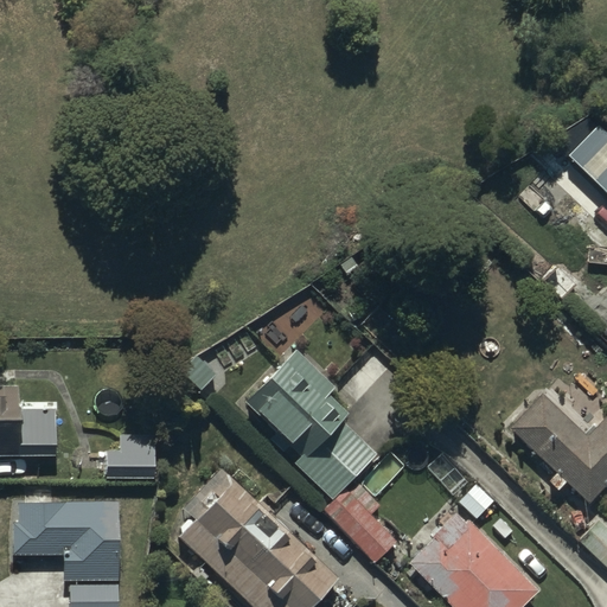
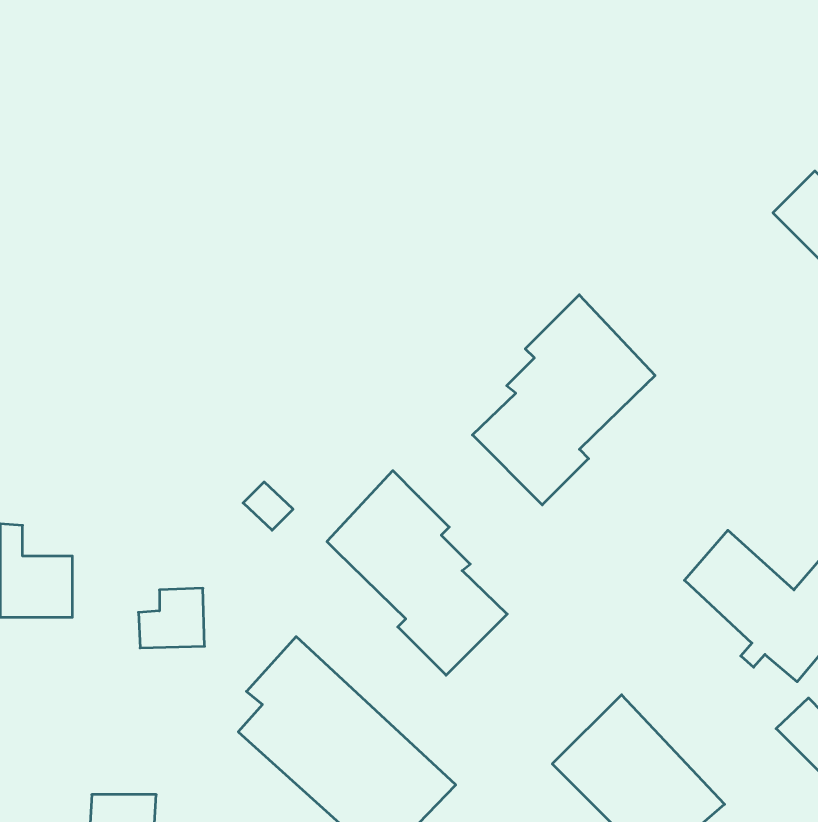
building: none -> [472,295,655,505]
building: [324,479,397,562] -> none
building: [13,497,119,582] -> none

